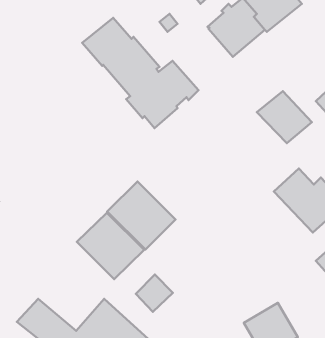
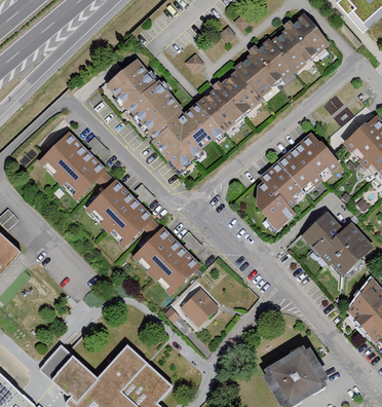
building: none -> [197,69,262,132]
building: none -> [38,131,106,199]
building: none -> [255,154,314,229]
building: [77,213,144,279] -> [84,179,153,247]
building: [136,275,173,312] -> [180,288,218,326]

